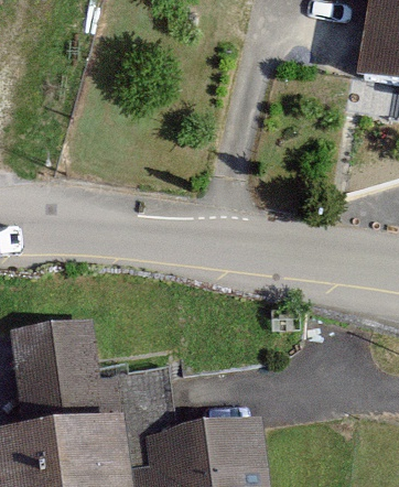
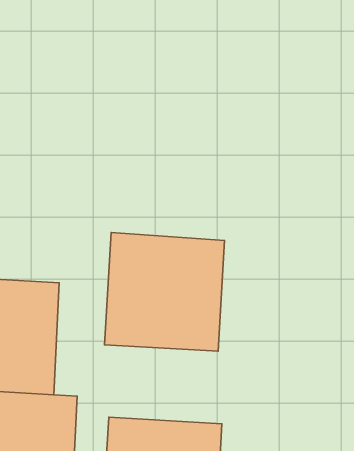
building: none -> [105,232,224,351]

